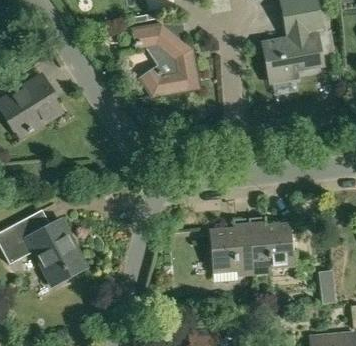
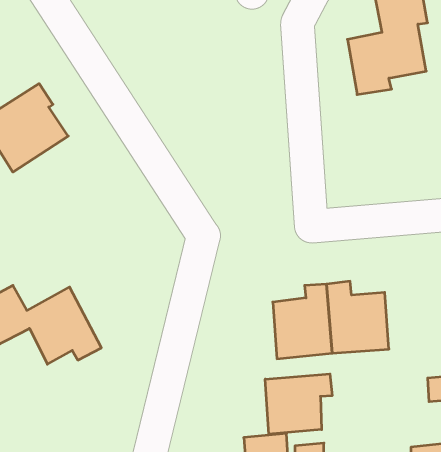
building: [133,24,202,100] -> none
building: none -> [265,374,332,434]

